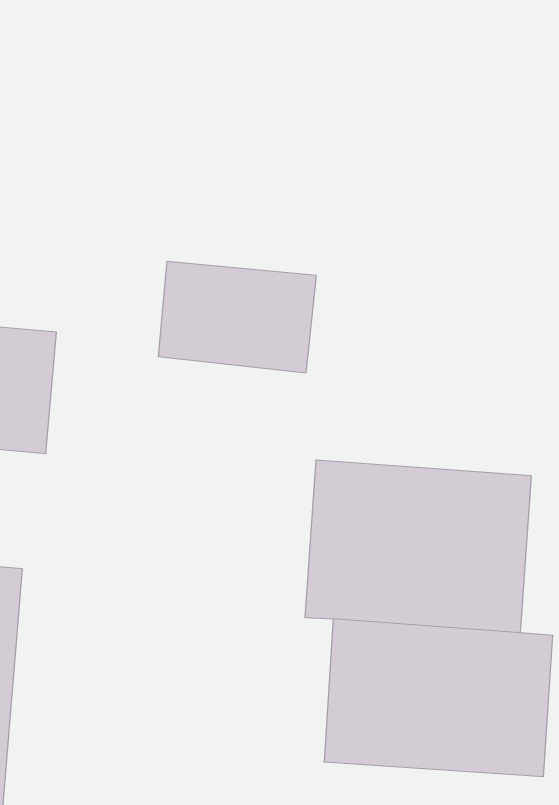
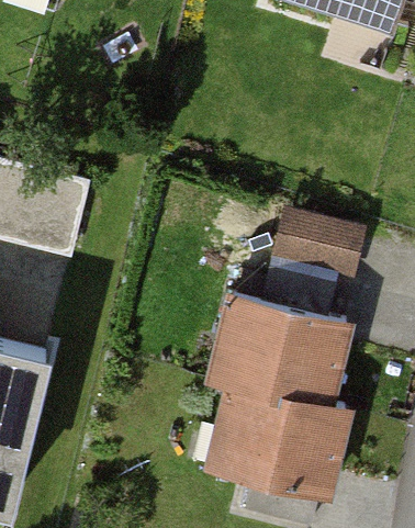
building: [158,261,316,373] -> [272,209,367,282]

